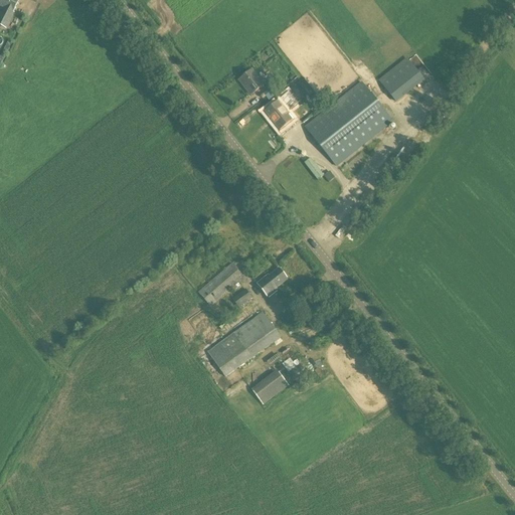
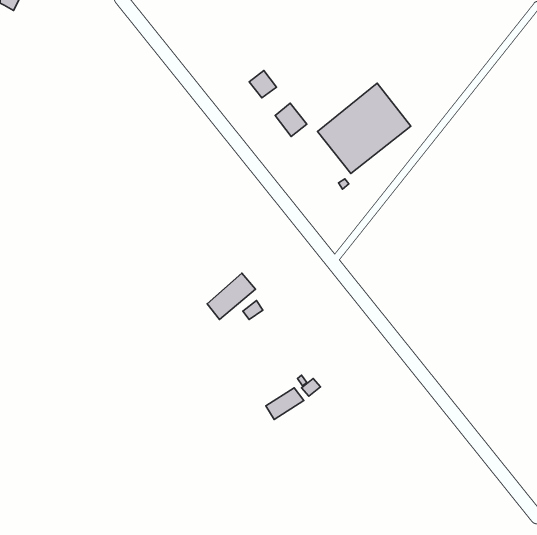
building: [380,58,423,100] -> none
building: [256,267,288,296] -> none
building: [206,311,281,376] -> none

